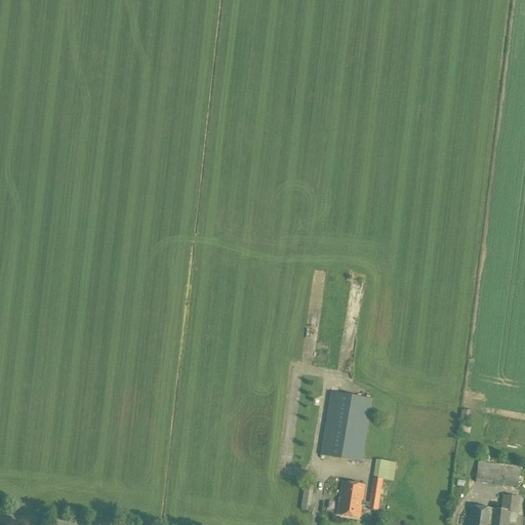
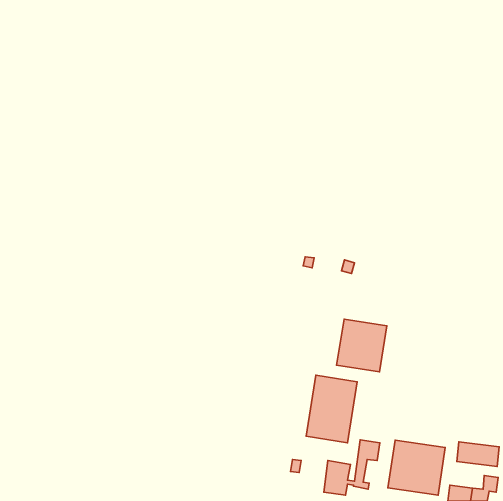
building: none -> [337,319,387,372]
building: none -> [388,440,445,495]

